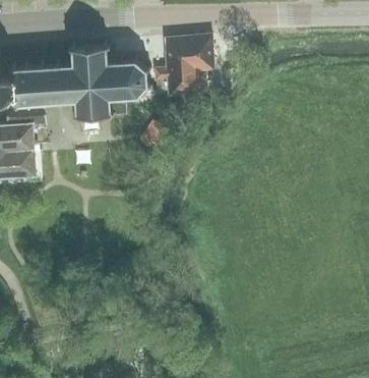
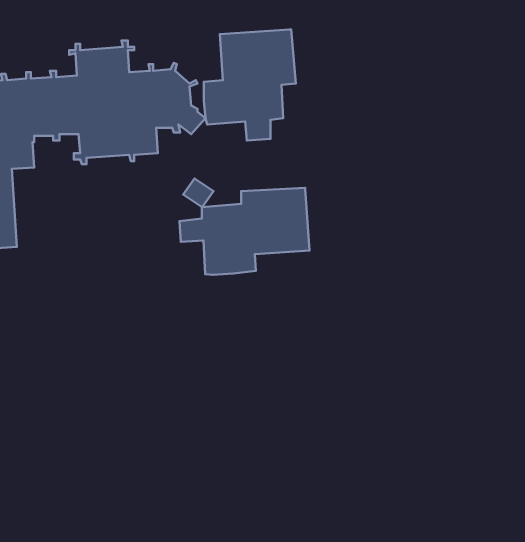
building: none -> [179,188,309,275]

